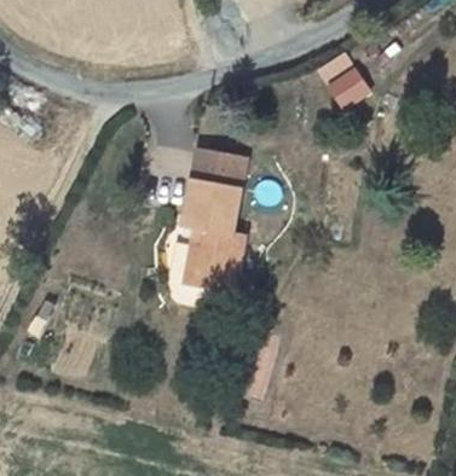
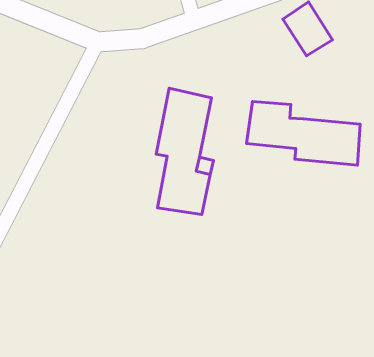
building: none -> [246,101,360,165]

